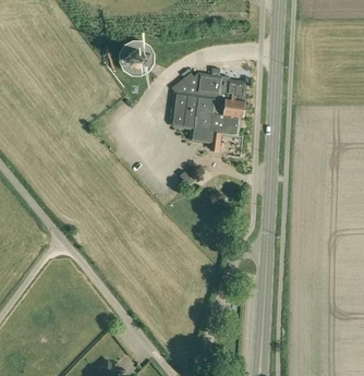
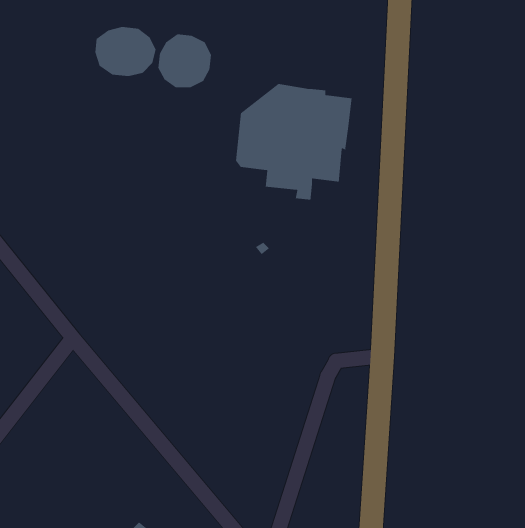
building: none -> [94,26,156,77]

